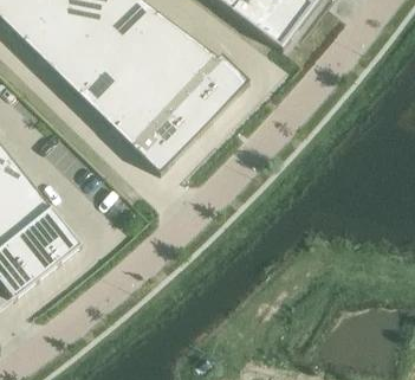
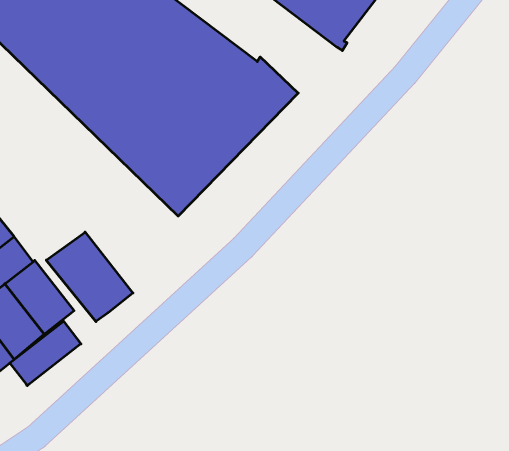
building: none -> [46,232,133,322]
building: none -> [10,321,81,386]

